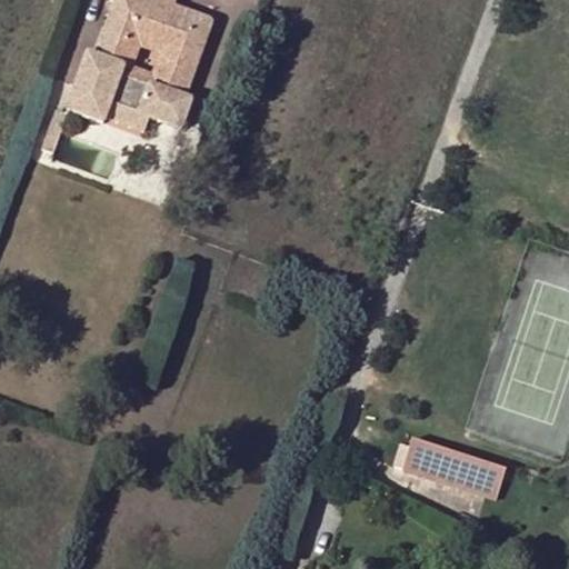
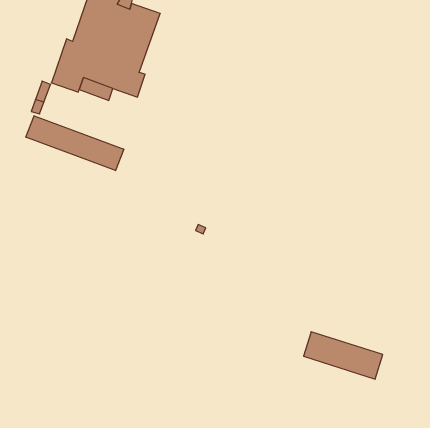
building: none -> [26,116,124,171]

